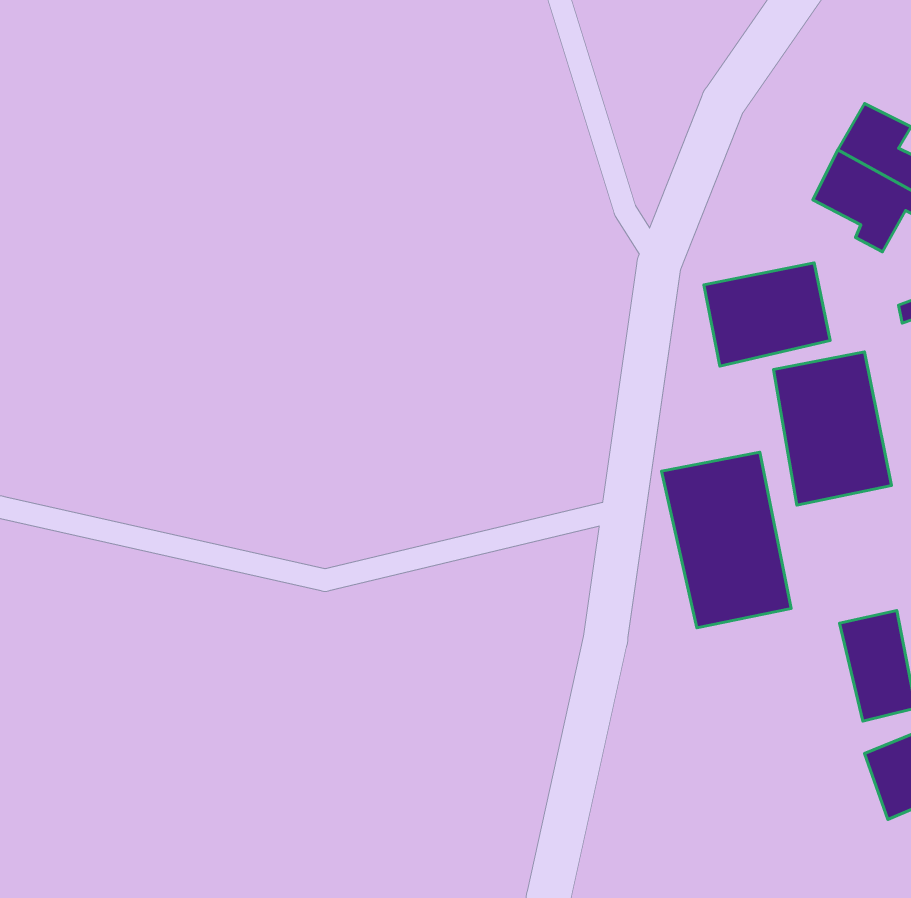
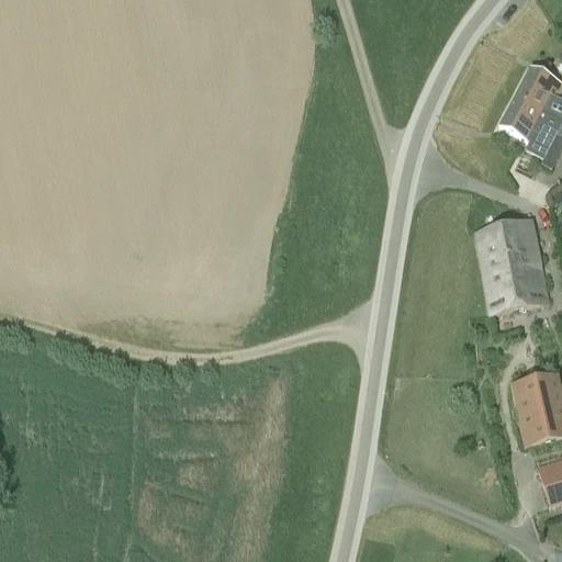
building: [704,263,830,366] -> none
building: [661,452,791,628] -> none

